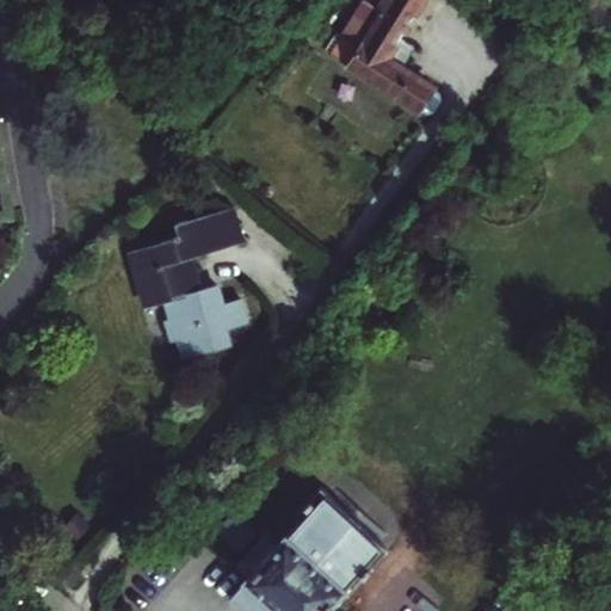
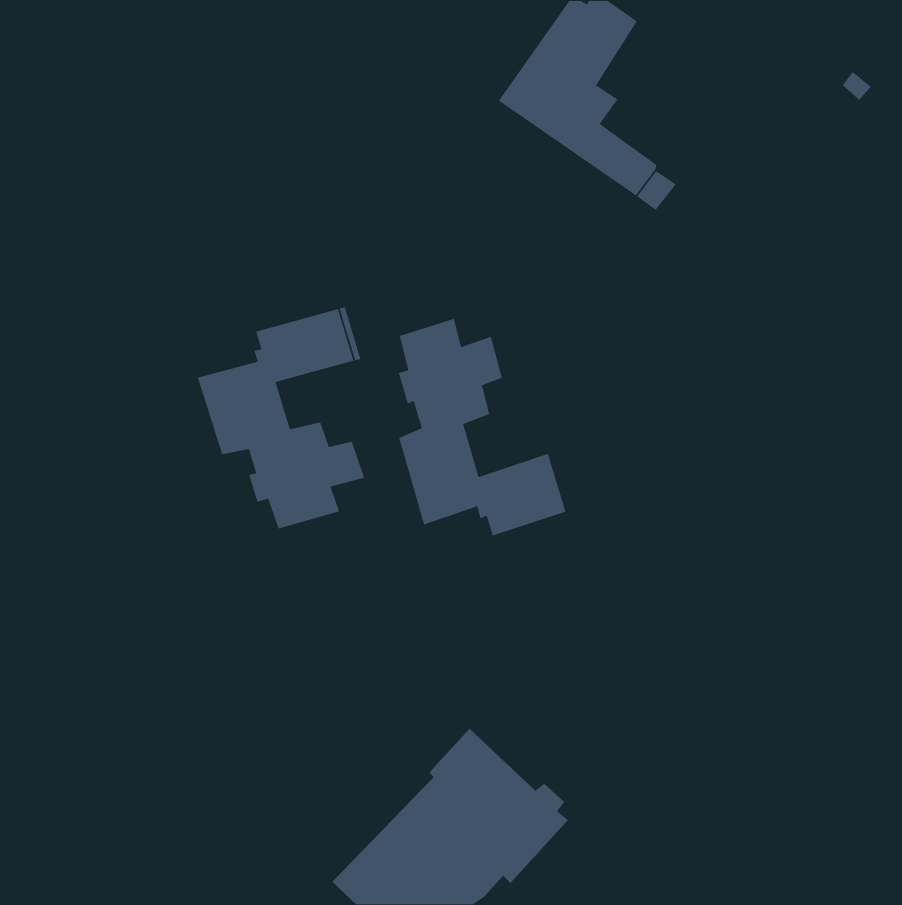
building: none -> [398,318,566,537]

